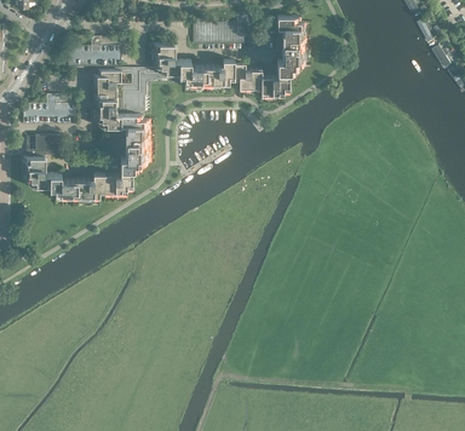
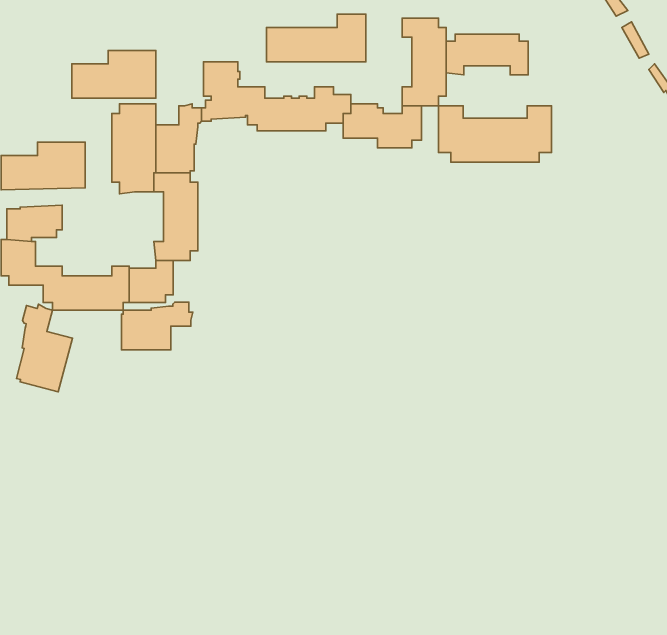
building: none -> [446,34,528,75]
building: none -> [439,106,552,162]
building: none -> [121,302,193,350]
building: none -> [16,304,72,392]

